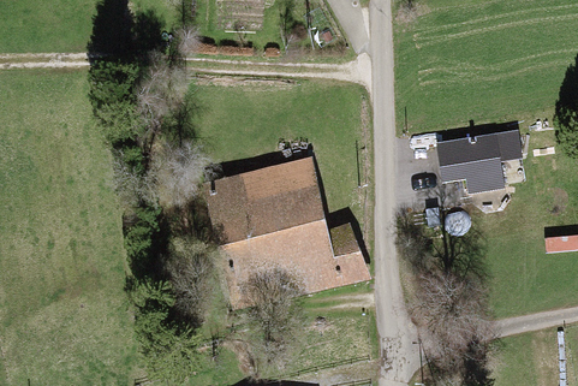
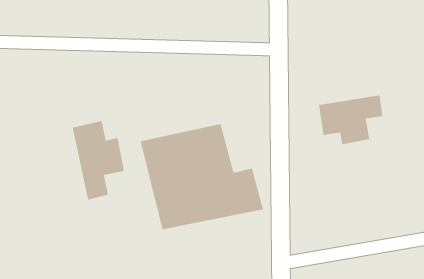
building: none -> [72,120,125,200]

